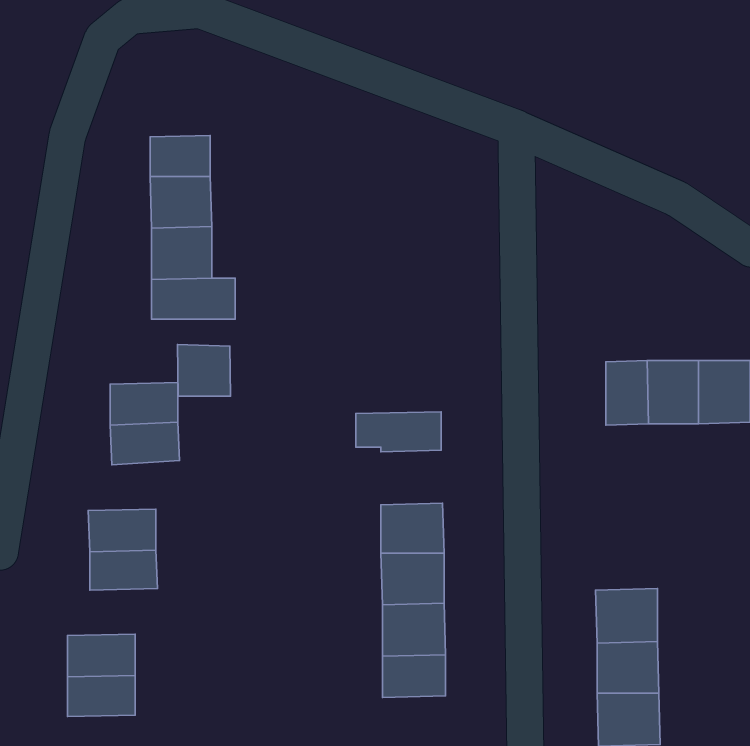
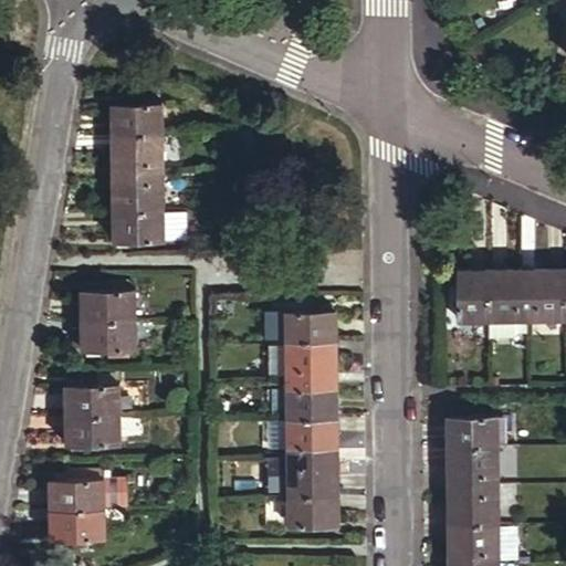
building: [177,344,230,396] -> none
building: none -> [269,343,334,384]
building: none -> [448,420,495,448]

